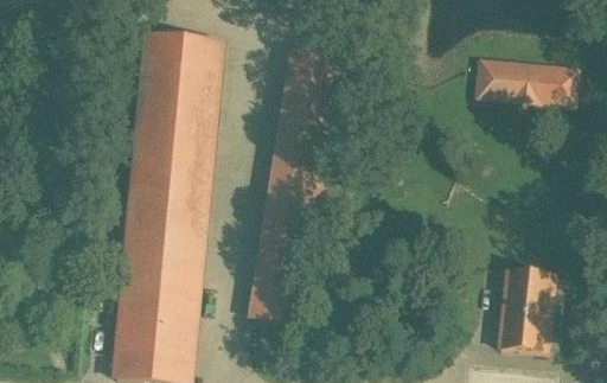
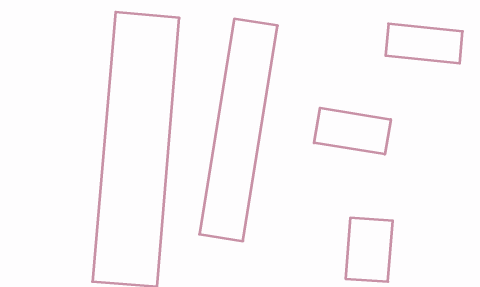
building: none -> [314,108,391,154]
building: [500,272,558,350] -> [346,218,393,282]

